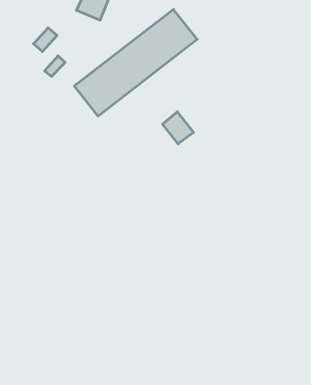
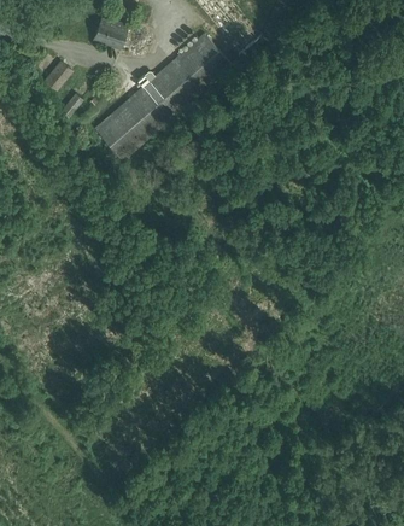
building: [163,112,193,144] -> none

